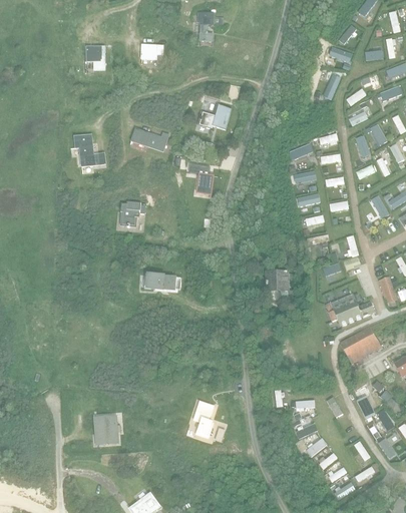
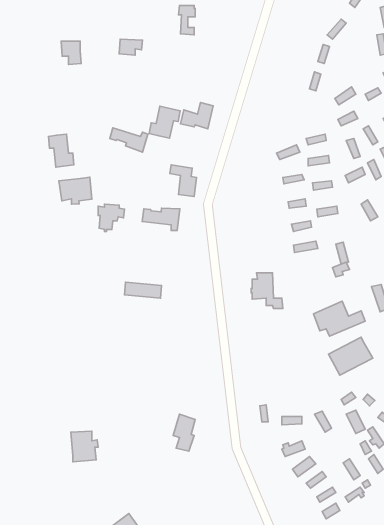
building: none -> [149,106,180,138]
building: none -> [59,177,92,204]
building: none -> [142,208,180,231]

